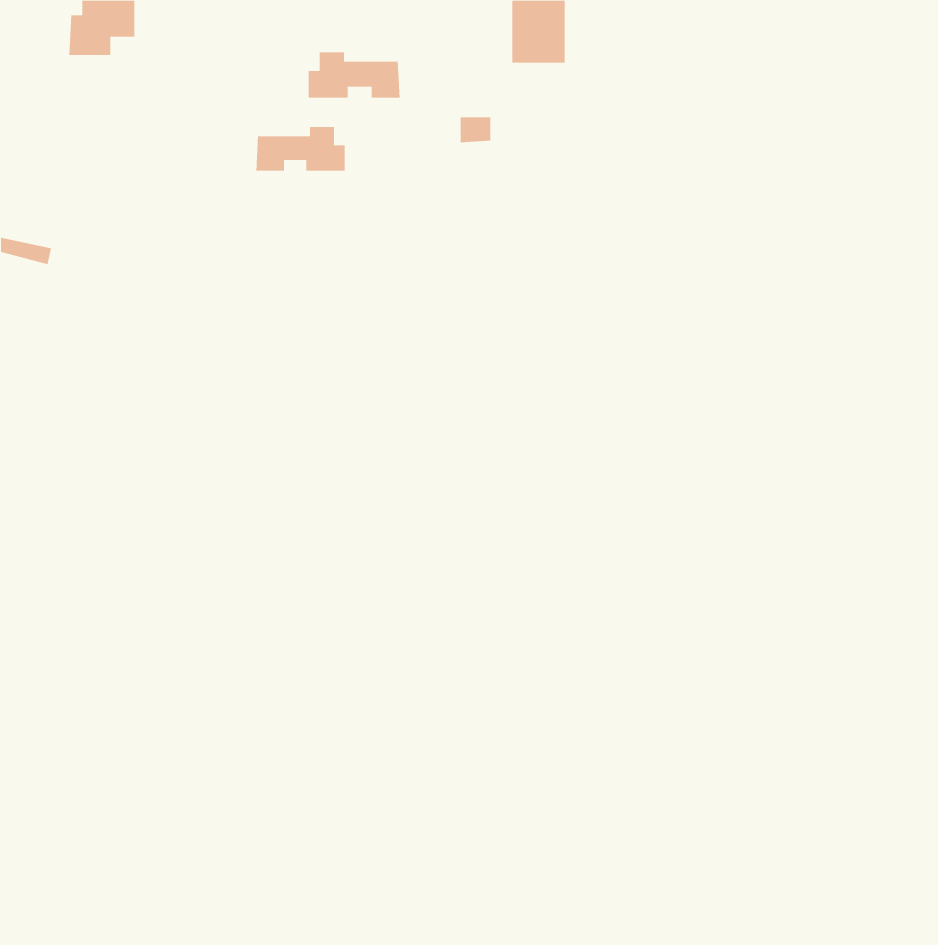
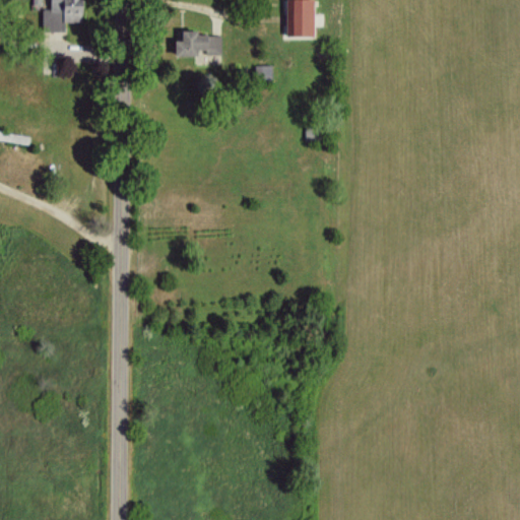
building: [256,126,345,172] -> none

